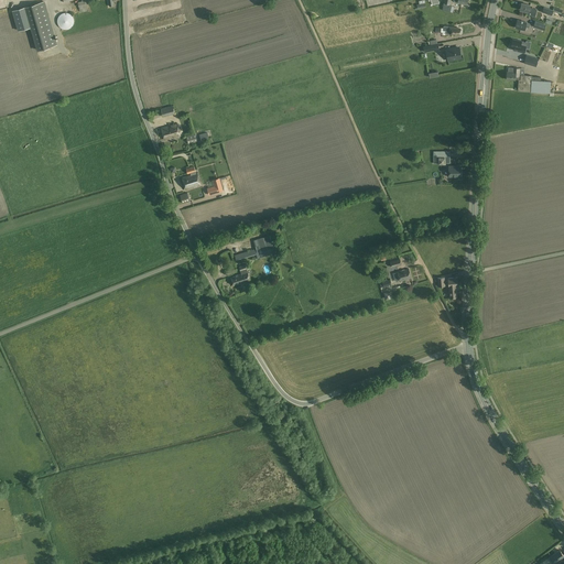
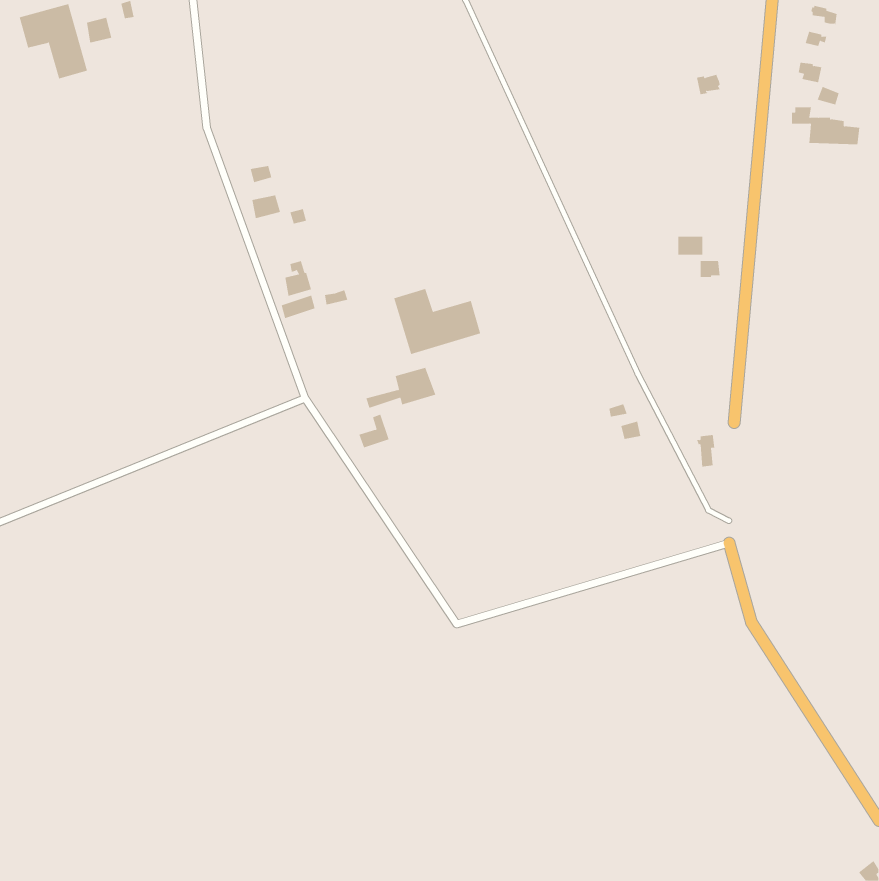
building: none -> [393,288,481,355]

